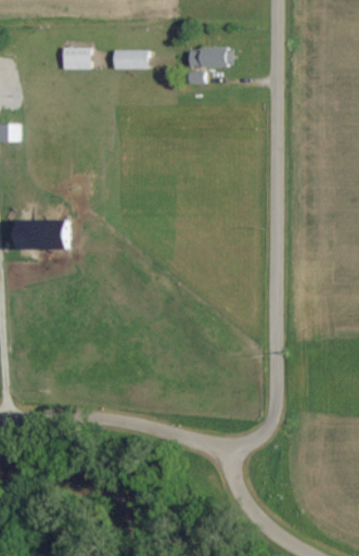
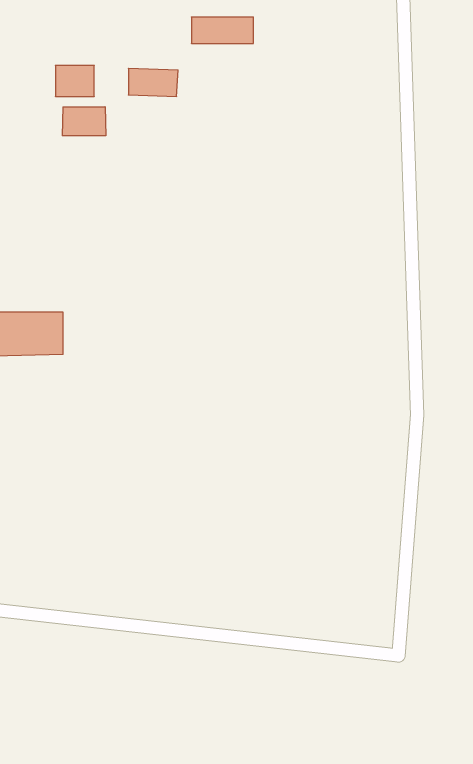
building: [189,48,232,66] -> [191,17,253,43]
building: none -> [62,107,106,136]

